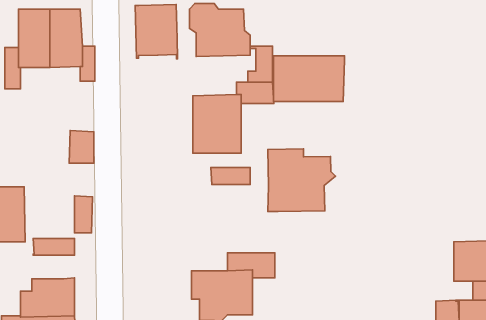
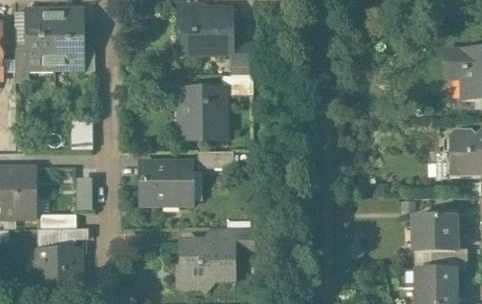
building: [135,5,177,59] -> none
building: [274,56,345,102] -> none
building: [268,149,335,212] -> none
building: none -> [141,162,193,203]
building: none -> [39,228,67,249]

